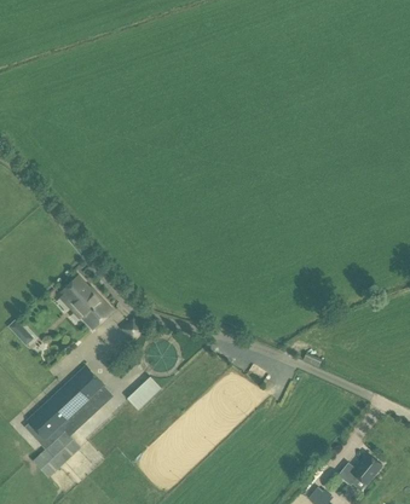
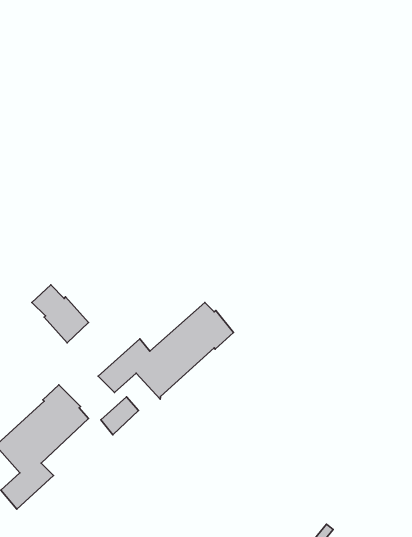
building: none -> [98,302,234,399]
building: [336,452,382,485] -> none

